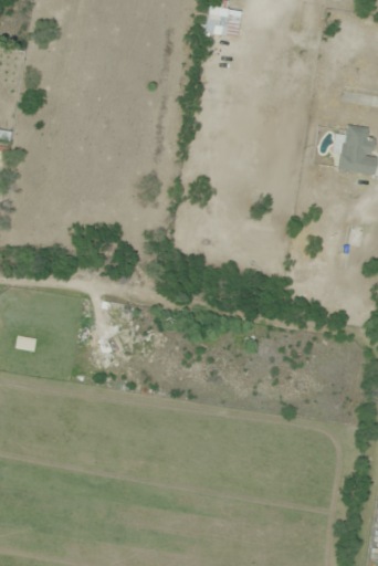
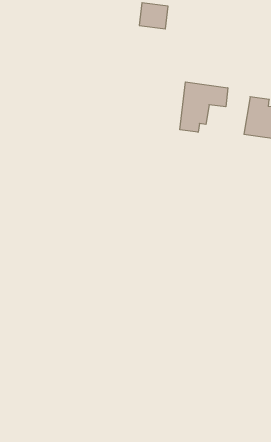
building: none -> [180,82,228,132]

